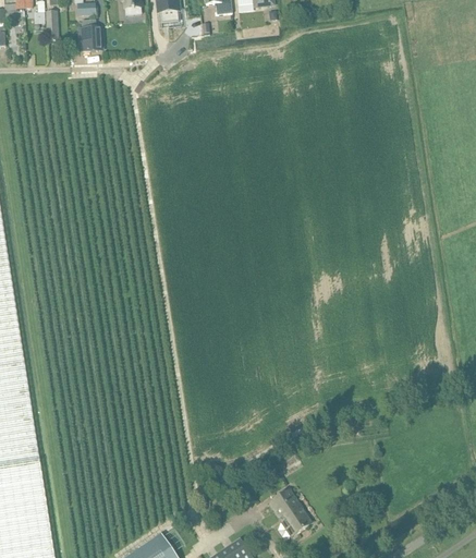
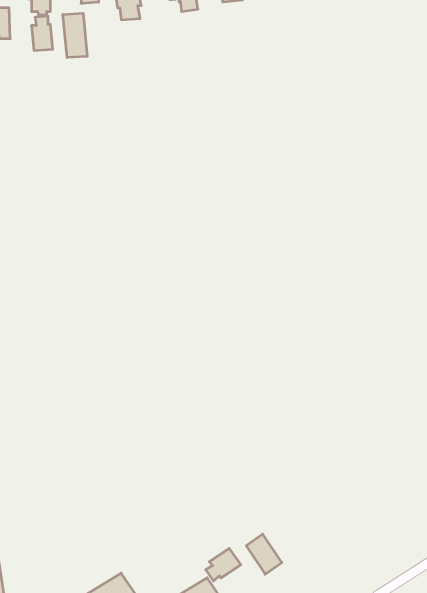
building: none -> [63,13,87,58]
building: none -> [206,548,241,581]

